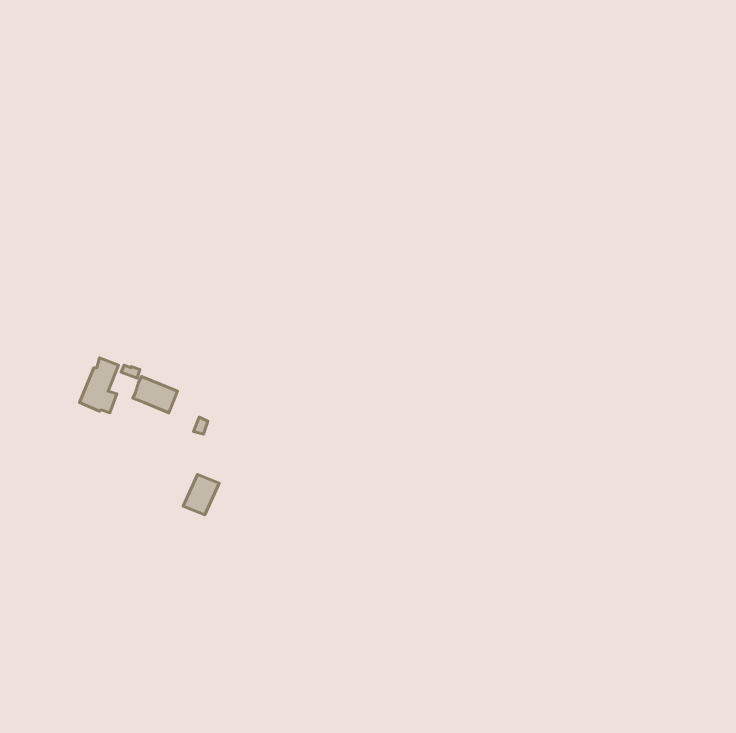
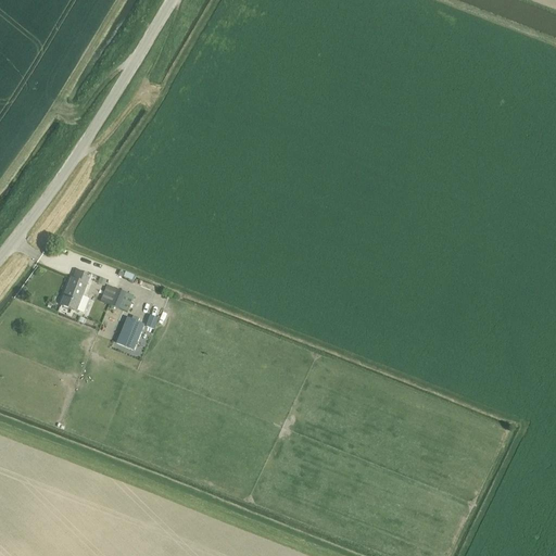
building: [183,474,219,515] -> [116,317,143,348]

